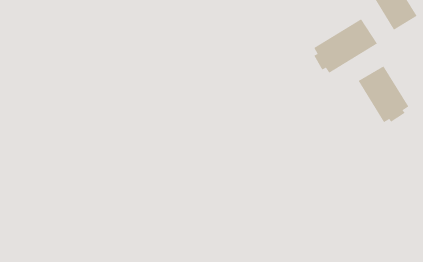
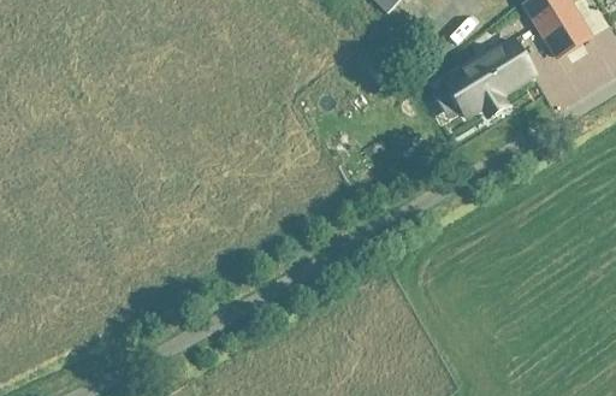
building: [358,65,409,123] -> none

